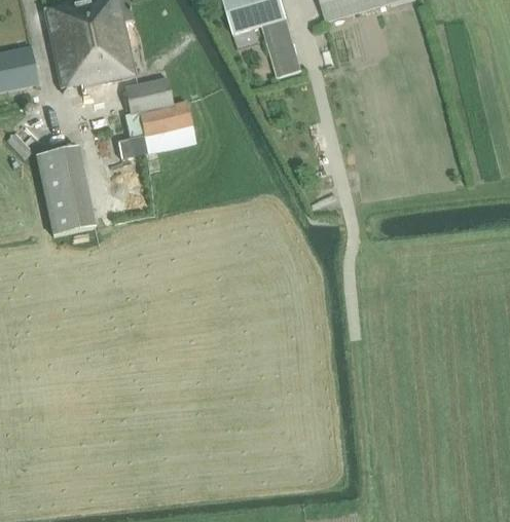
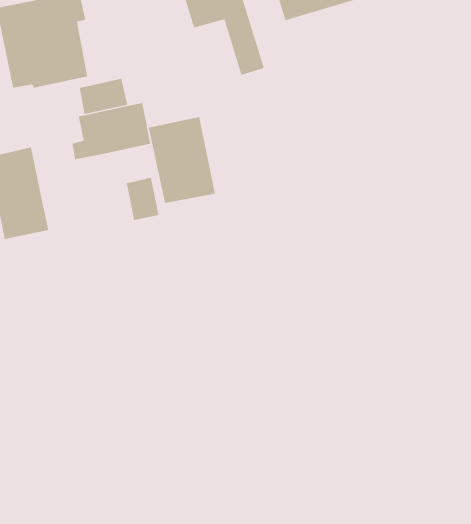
building: none -> [148,116,216,204]
building: none -> [126,177,159,221]

